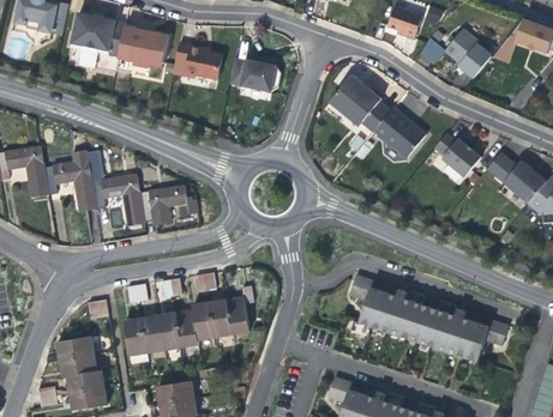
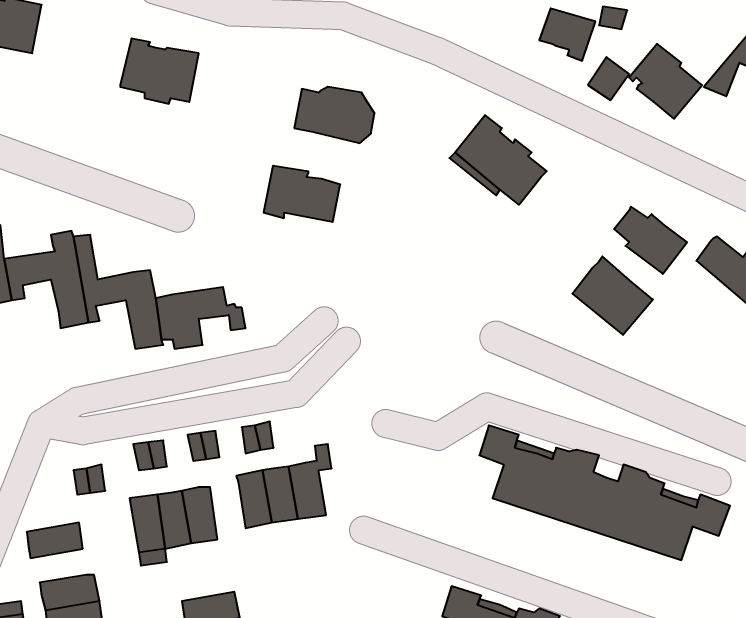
building: [72,12,125,55] -> none
building: [173,42,222,78] -> [264,166,340,222]
building: [374,107,426,157] -> [572,256,653,335]
building: [175,309,199,346] -> none
building: [60,352,96,375] -> none

